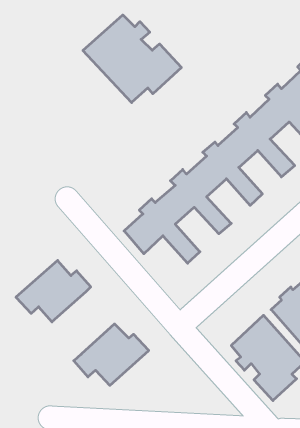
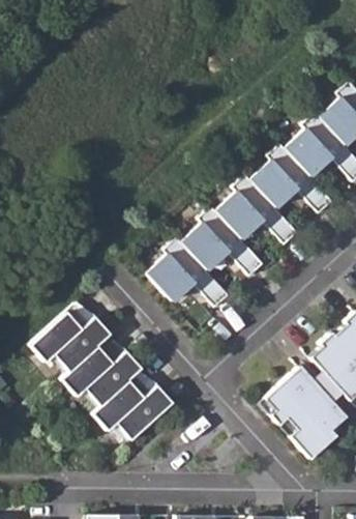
building: [83,15,181,103] -> none
building: none -> [63,339,145,407]

